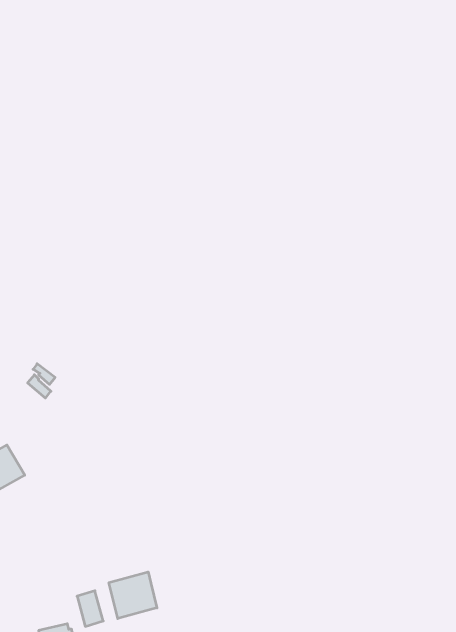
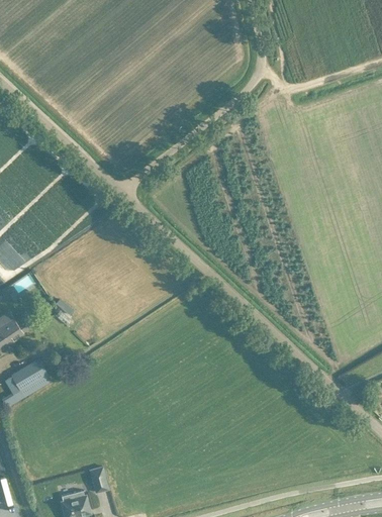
building: [109,572,157,619] -> none

